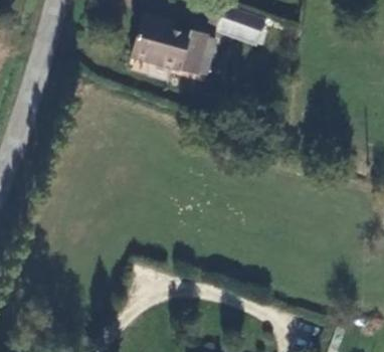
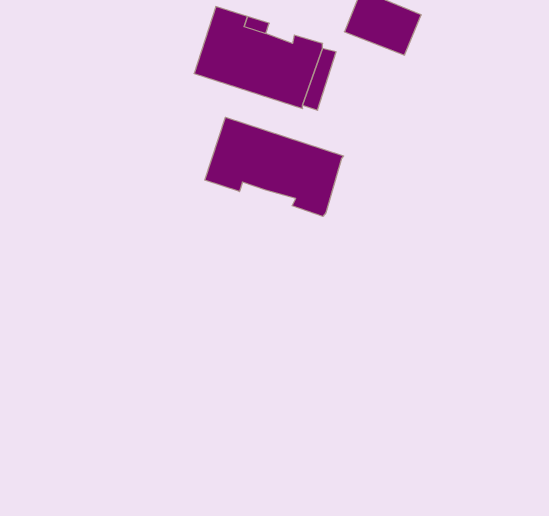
building: none -> [205,117,344,216]

